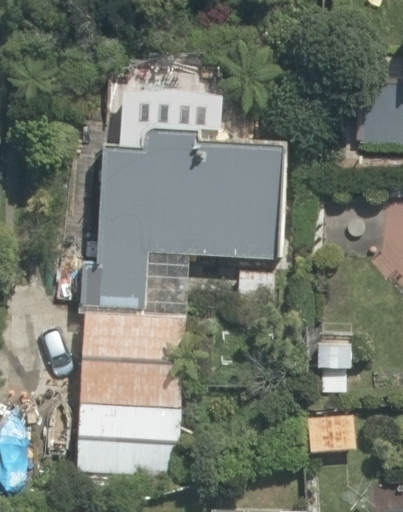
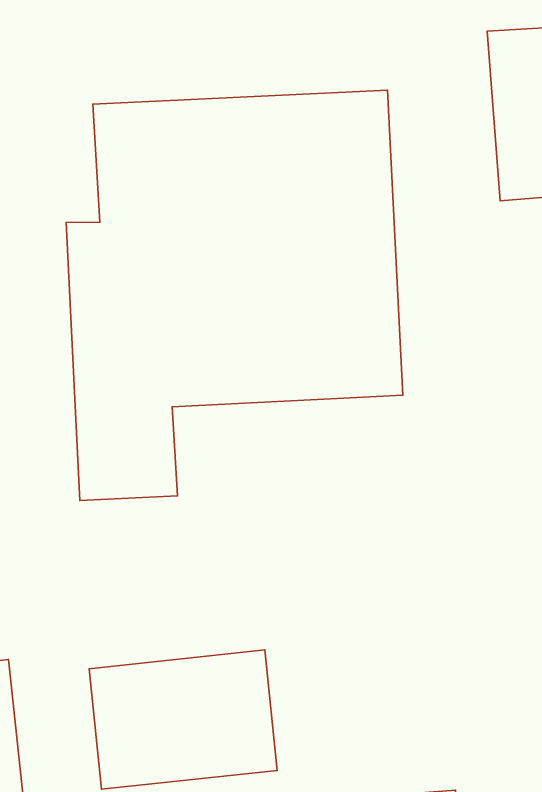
building: [77,314,183,408] -> none

